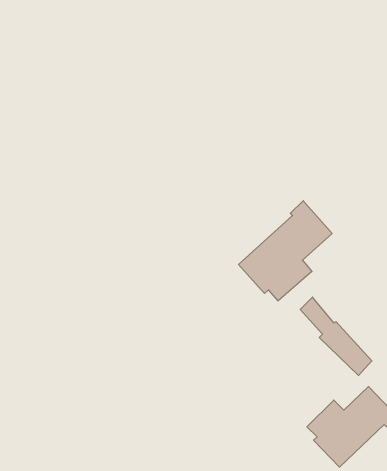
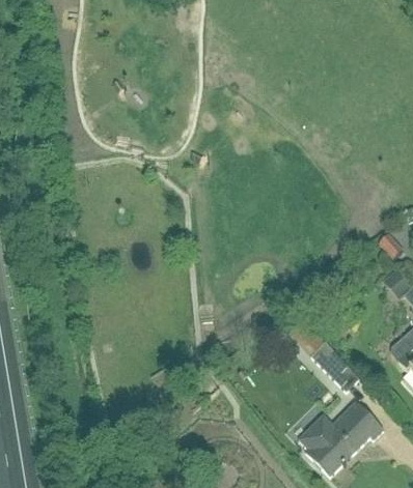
building: [239,201,332,301] -> none

